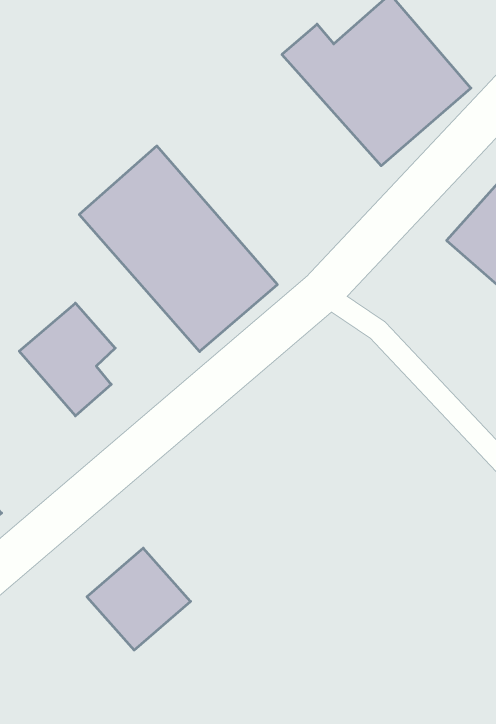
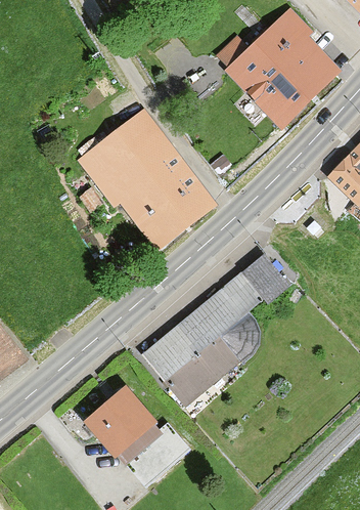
building: [19,303,115,416] -> none
building: none -> [145,250,291,412]

